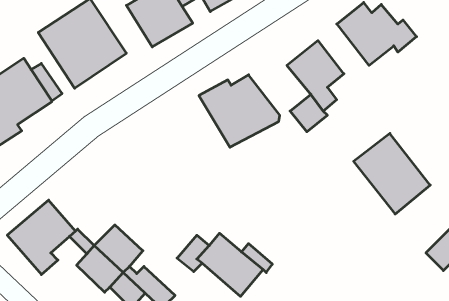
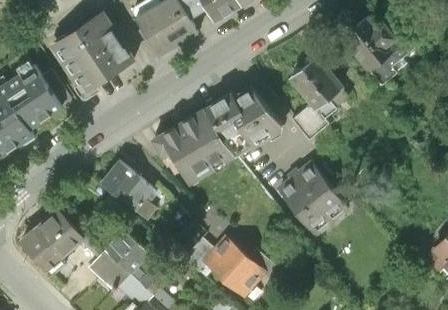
building: none -> [150,104,234,181]
building: [354,133,430,214] -> [276,160,350,238]
building: none -> [99,162,155,222]

